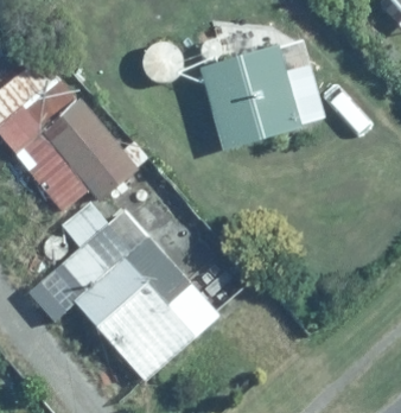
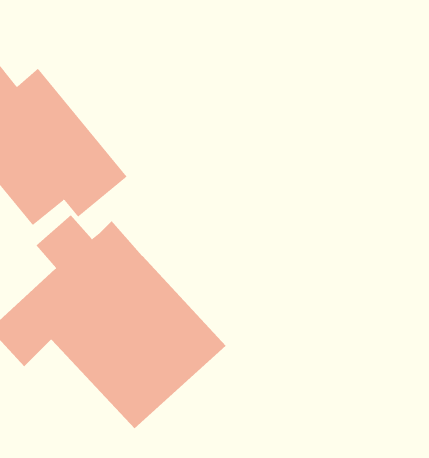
building: [198,44,303,152] -> none

